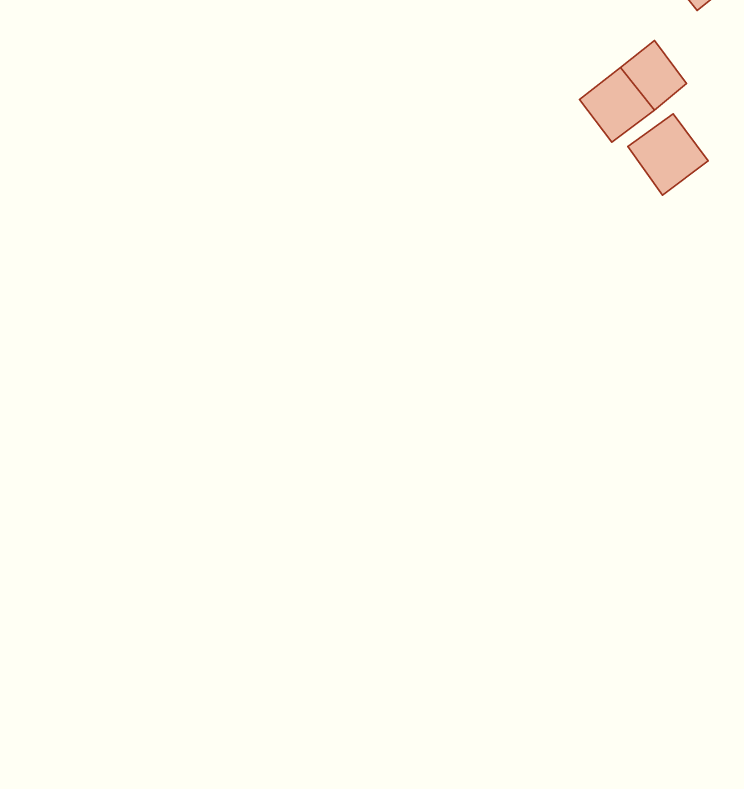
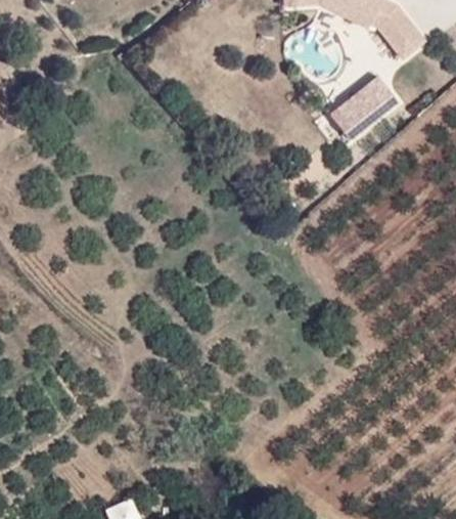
building: [628,114,708,195] -> none

